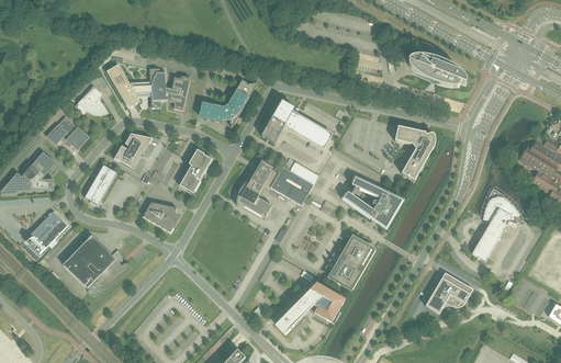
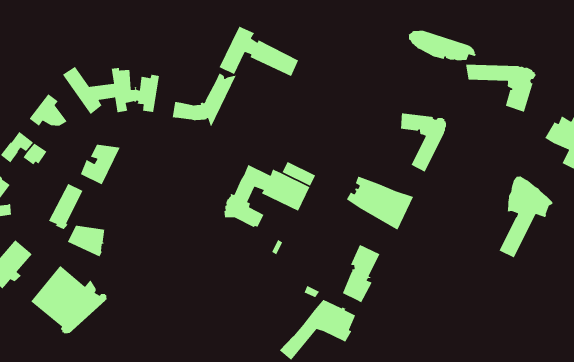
building: none -> [465,64,537,113]
building: [260,100,330,148] -> [219,25,299,77]
building: [179,149,212,193] -> none
building: [142,202,176,231] -> [67,225,105,257]
building: [424,272,472,313] -> none

